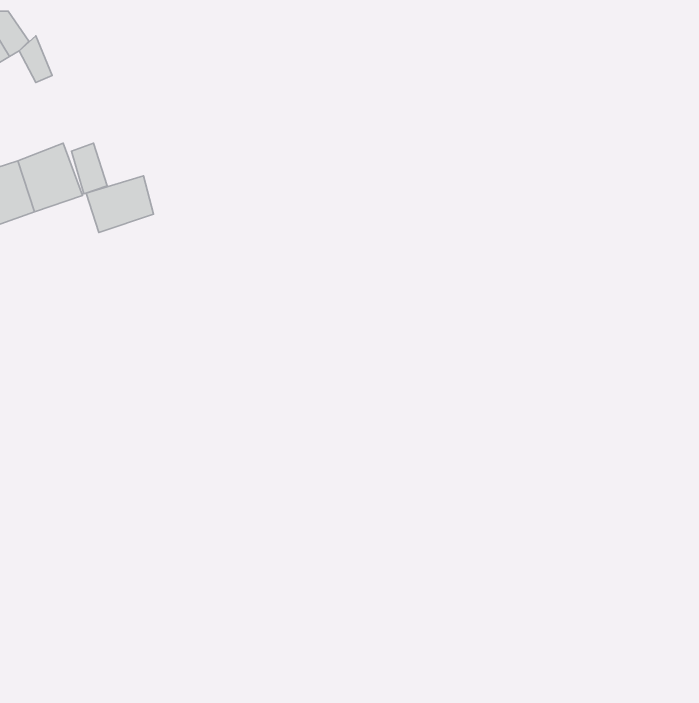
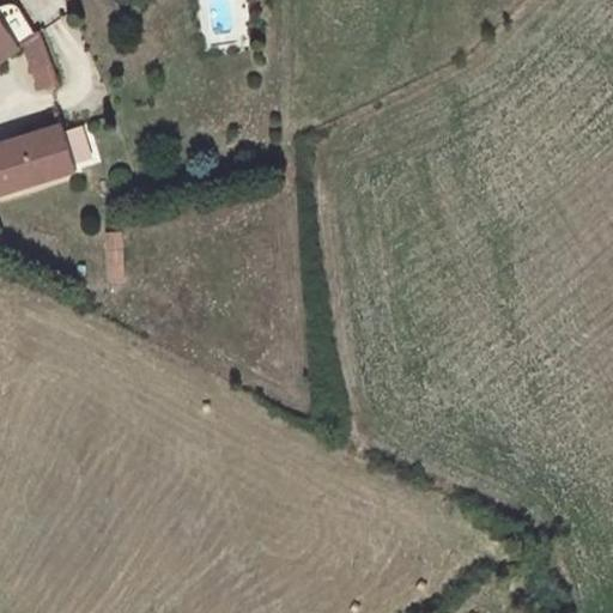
building: [86,176,154,233] -> none

